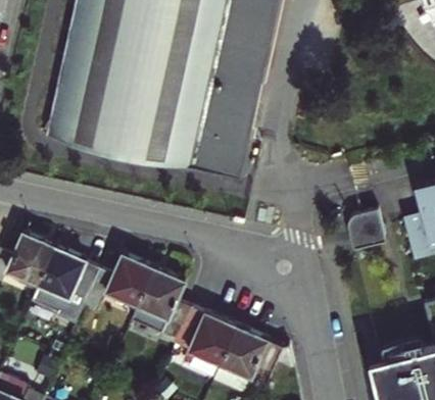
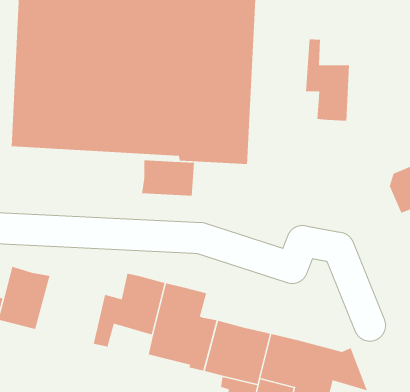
building: none -> [305,38,350,121]
building: none -> [141,159,195,196]
building: [35,250,102,326] -> none

